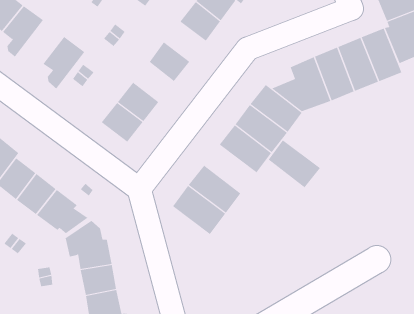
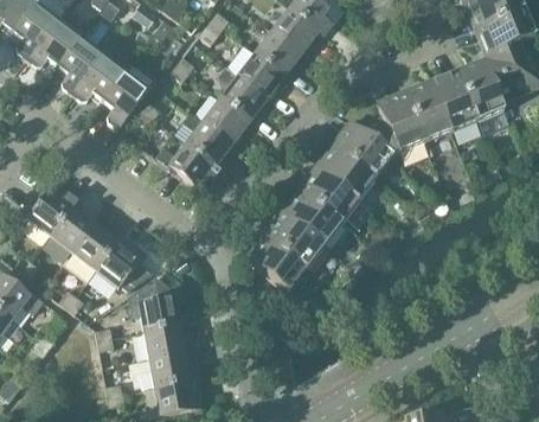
building: none -> [71,52,126,101]
building: none -> [237,53,284,98]
building: none -> [203,98,249,143]
building: [268,139,321,188] -> [282,191,341,245]

